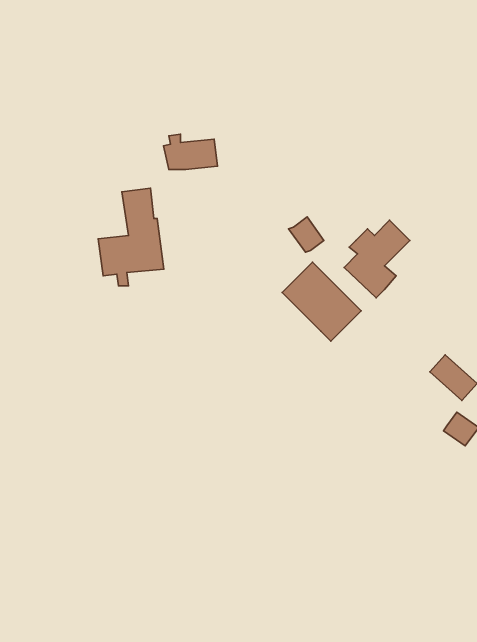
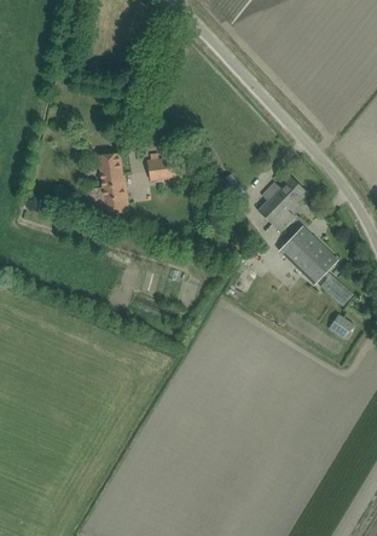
building: [164,134,218,169] -> [146,154,185,179]
building: [282,262,361,341] -> [280,226,337,283]

